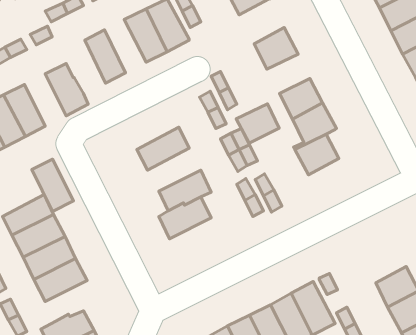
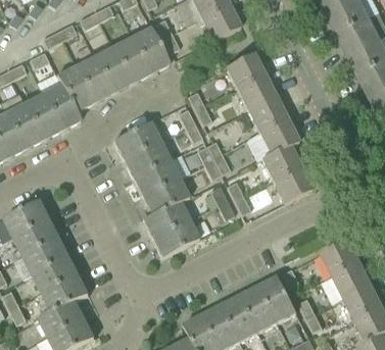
building: none -> [94,45,131,92]
building: none -> [55,63,95,110]
building: [236,104,279,143] -> [237,76,275,110]
building: none -> [113,121,159,159]
building: none -> [132,158,179,196]
building: none -> [274,167,311,203]
building: [32,159,73,211] -> [23,93,60,139]
building: none -> [151,219,198,257]
building: none -> [321,240,359,277]
building: none -> [42,274,89,310]

